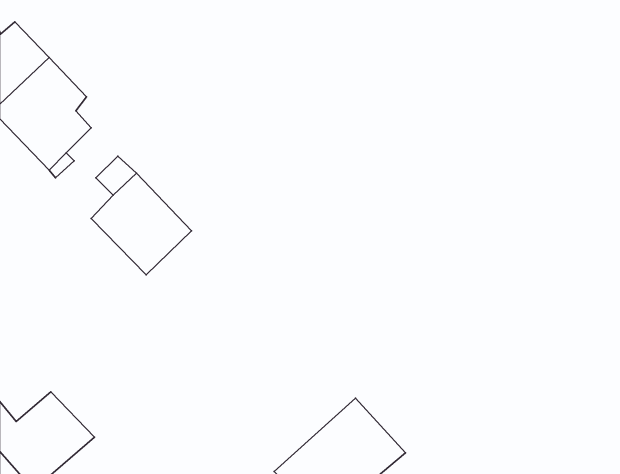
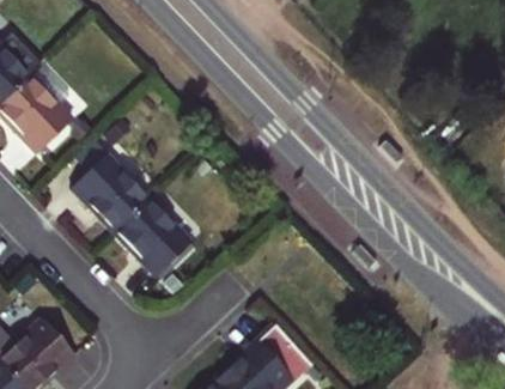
building: none -> [112,197,190,275]

